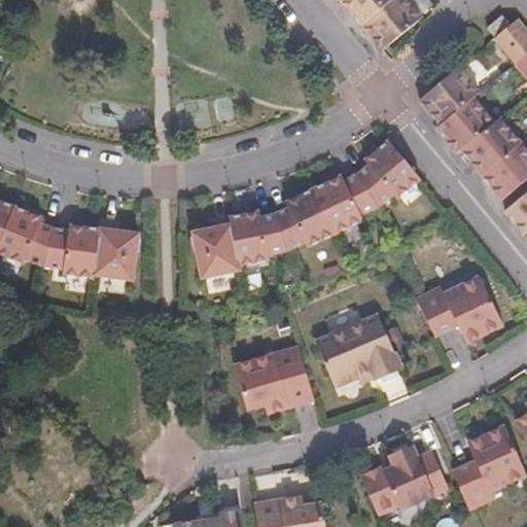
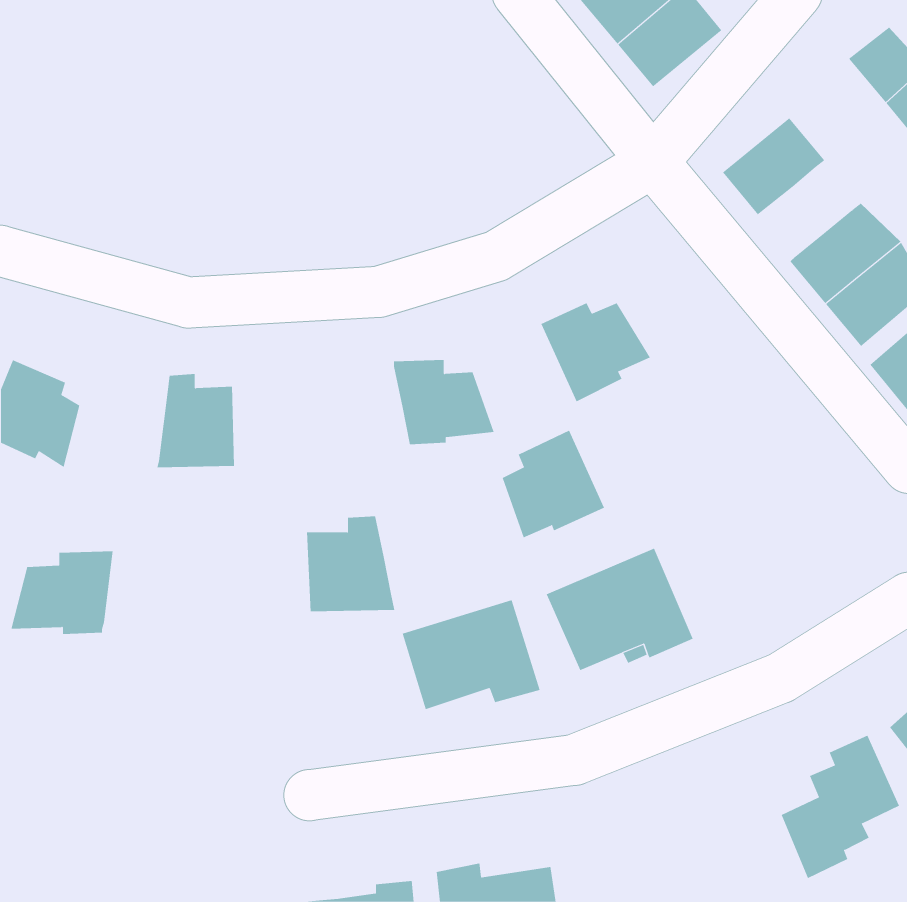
building: [436,97,494,152] -> none
building: [358,139,420,207] -> none
building: [275,187,335,250] -> [502,430,605,538]
building: [188,212,240,268] -> [306,516,395,612]
building: [38,225,98,274] -> [10,551,114,634]
building: [417,285,502,336] -> none
building: [362,444,449,515] -> none

